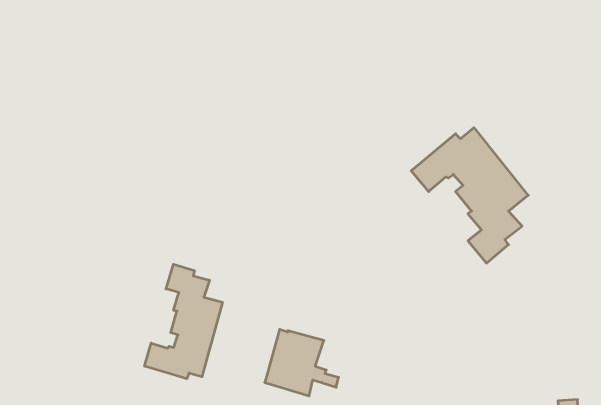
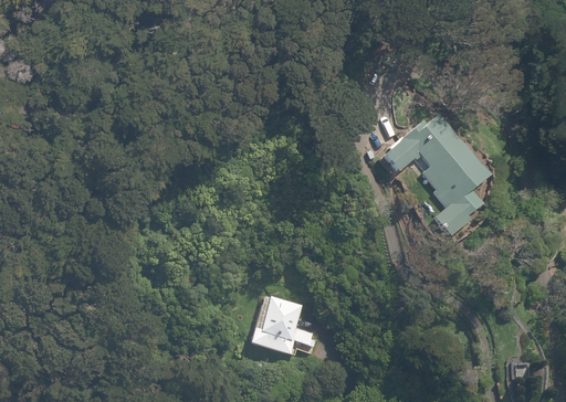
building: [145,264,222,379] -> none

